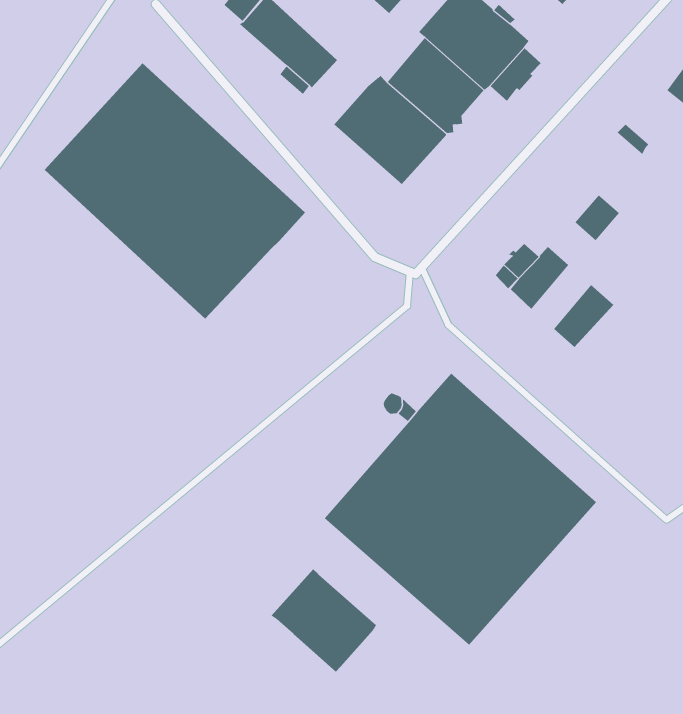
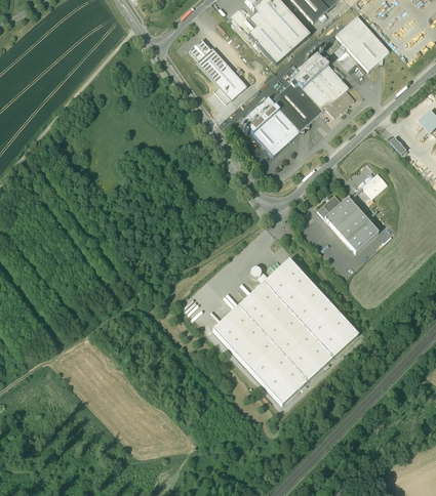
building: [44,62,306,320] -> none
building: none -> [334,207,367,240]
building: [270,568,377,672] -> none

